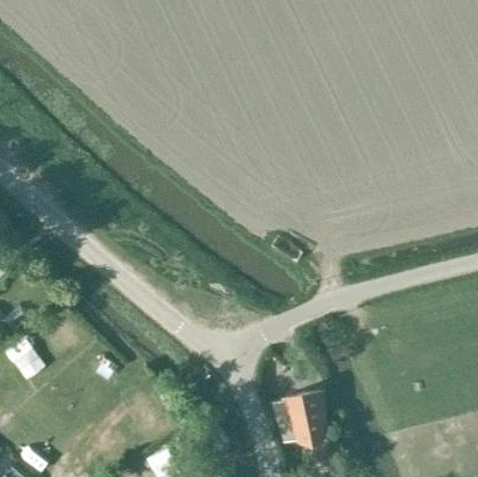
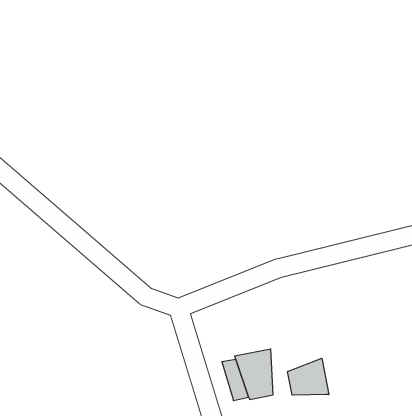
building: none -> [288,358,329,395]

